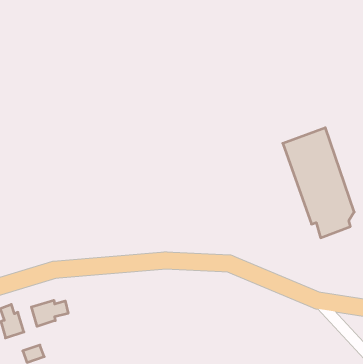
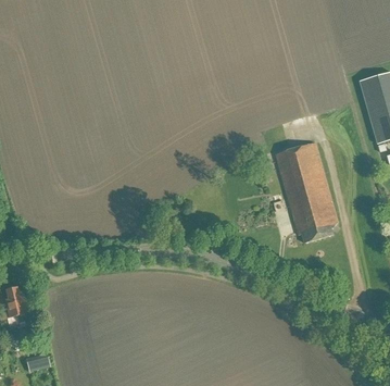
building: [31,300,68,326] -> none

